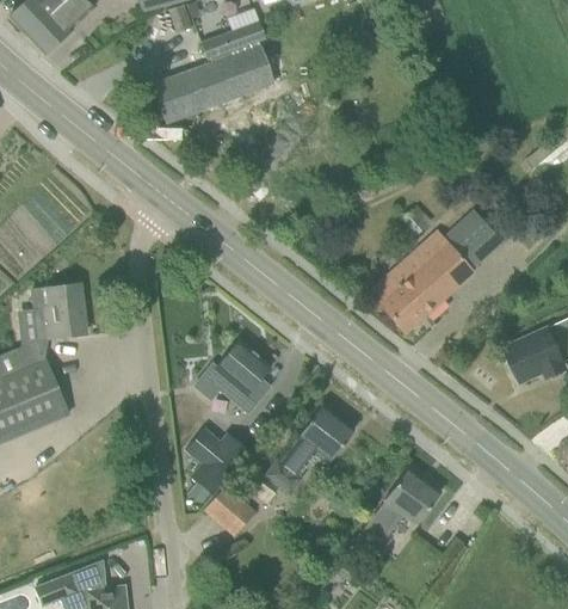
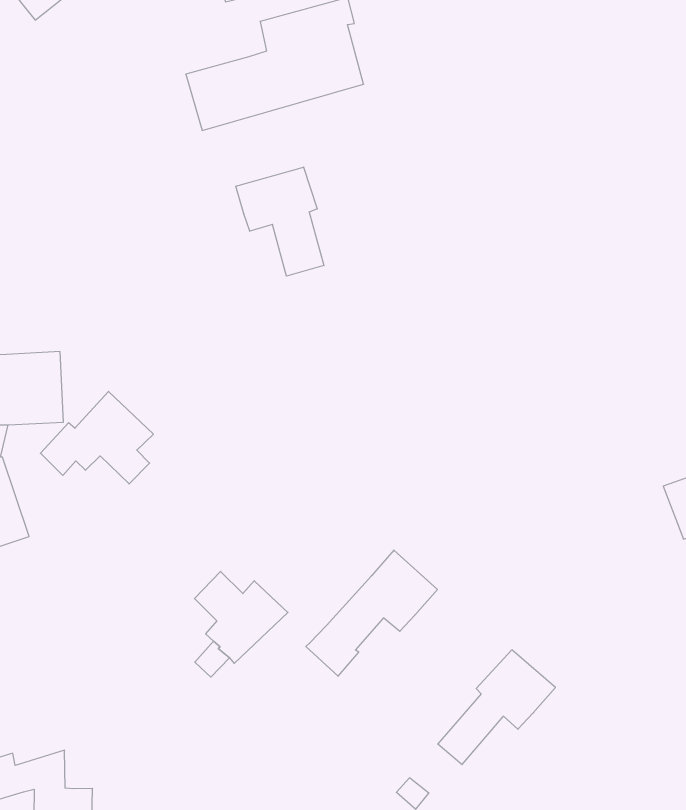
building: none -> [236,167,324,276]
building: [378,209,501,333] -> none
building: [193,339,271,402] -> [40,391,153,484]
building: [205,488,252,534] -> none

